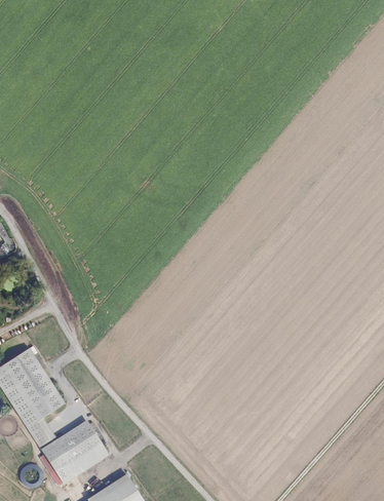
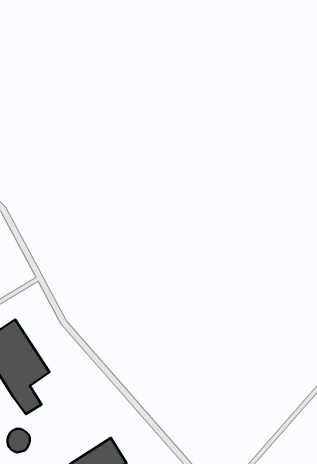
building: [41,420,109,484] -> none

